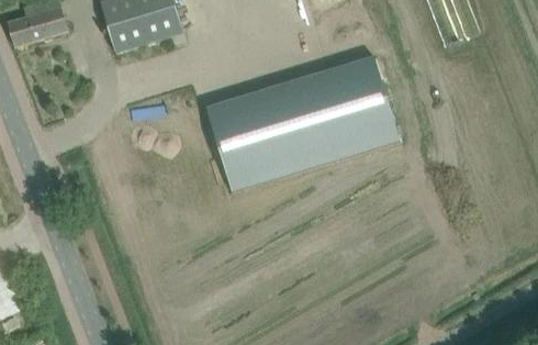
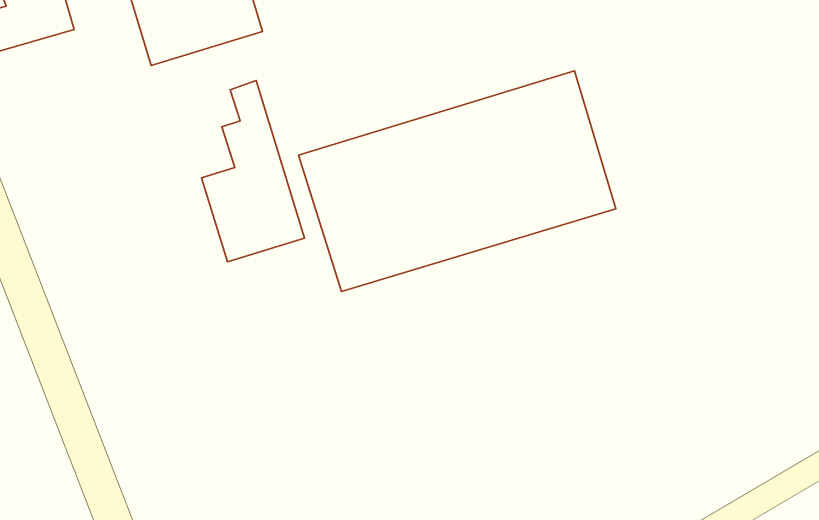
building: none -> [202,81,304,262]

